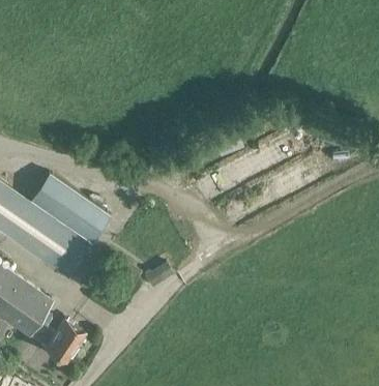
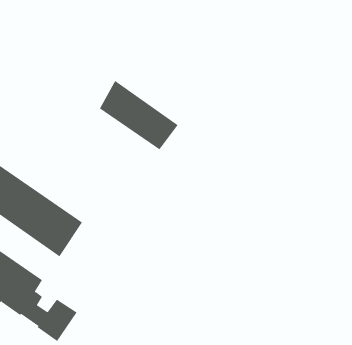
building: [31,171,110,240] -> [99,80,179,150]

